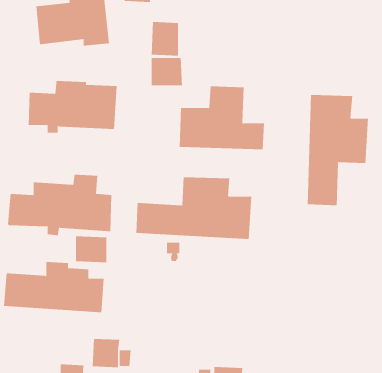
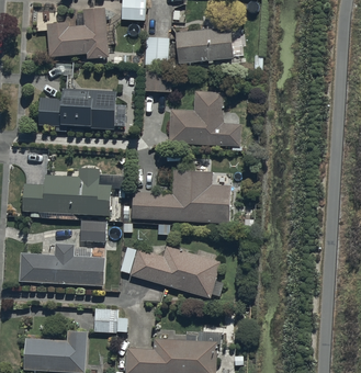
building: none -> [176,26,233,61]
building: [307,94,368,206] -> none
building: none -> [129,245,222,298]

